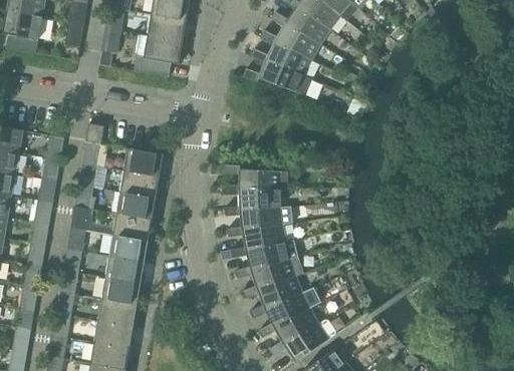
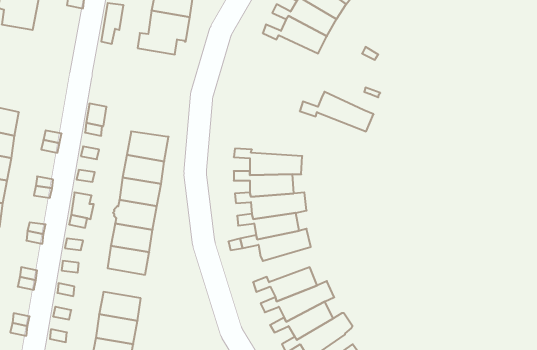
building: [243,58,312,95] -> [300,92,374,131]
building: [235,257,302,290] -> none
building: [101,277,141,305] -> none

